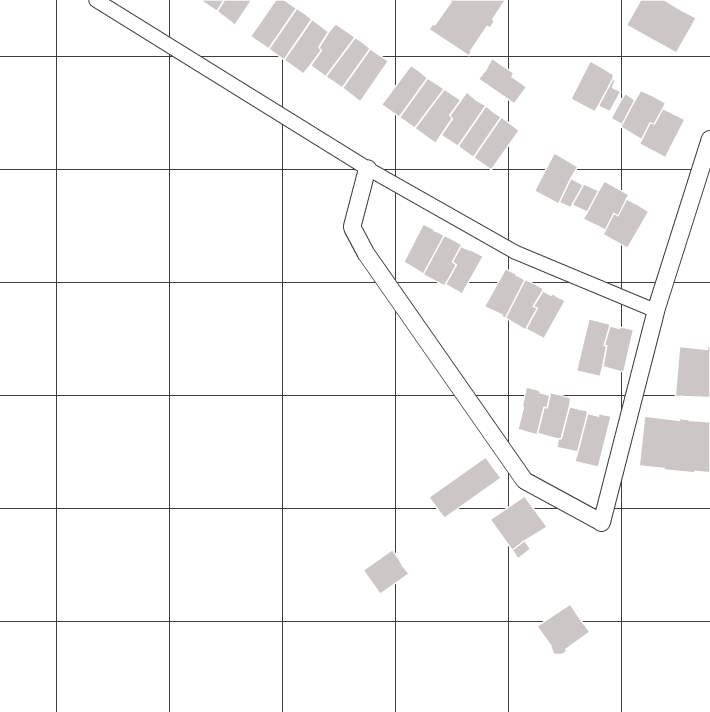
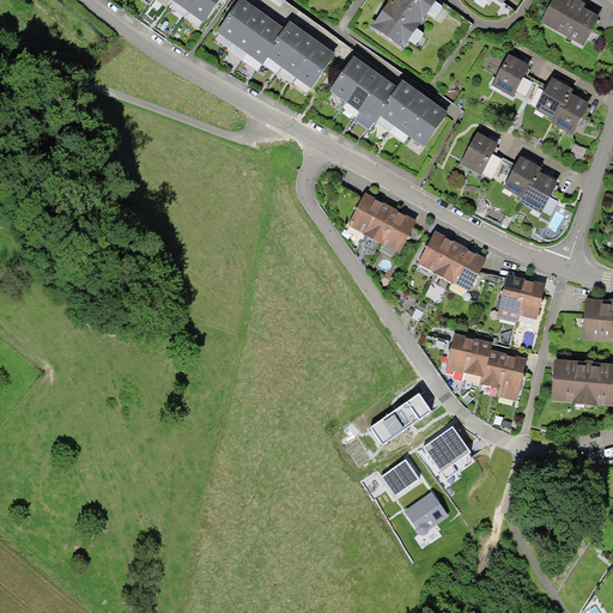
building: [478,58,526,104] -> none
building: [363,550,409,594] -> [380,459,419,497]
building: [537,604,590,654] -> [402,492,448,535]

